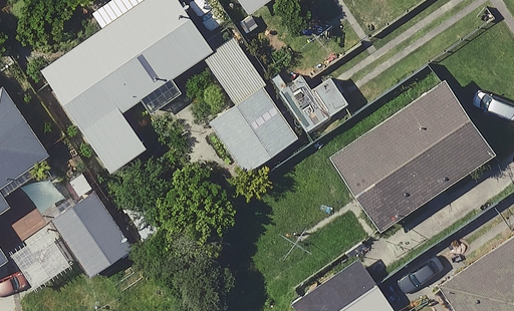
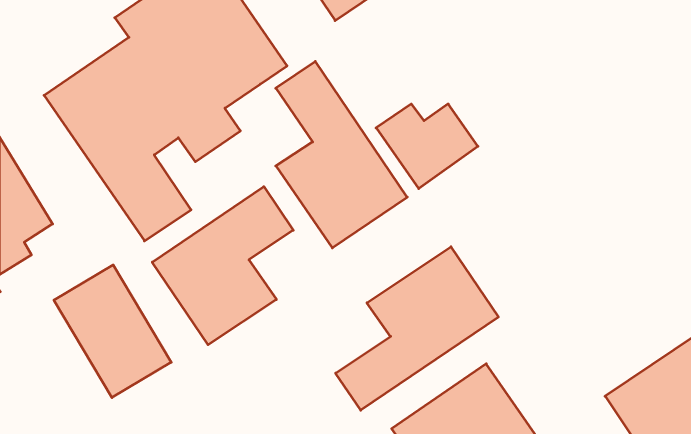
building: [331,82,492,231] -> none
building: none -> [152,187,293,345]
building: none -> [336,247,498,410]

